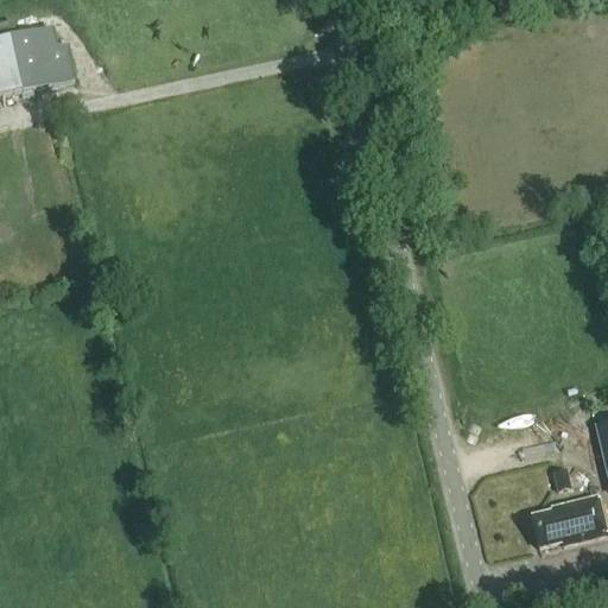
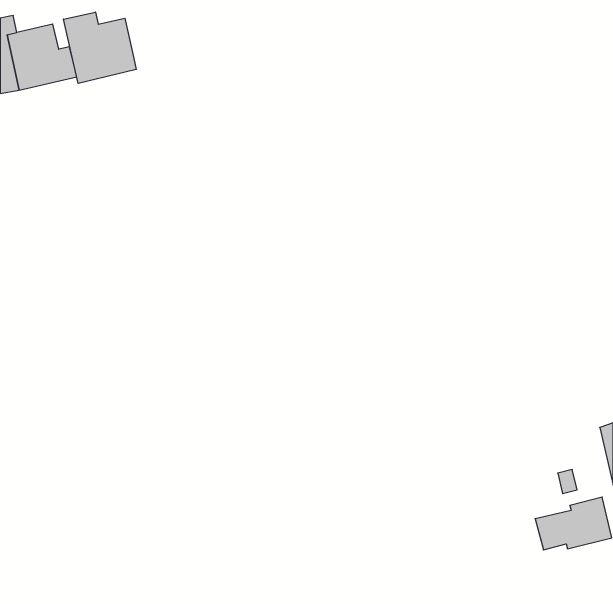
building: none -> [64,12,136,83]

